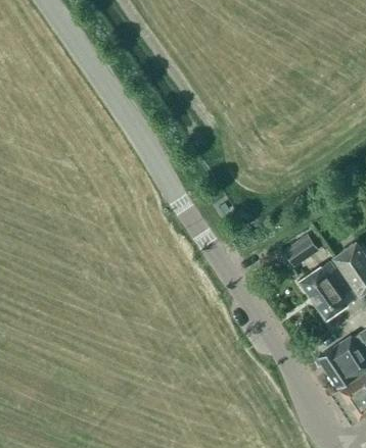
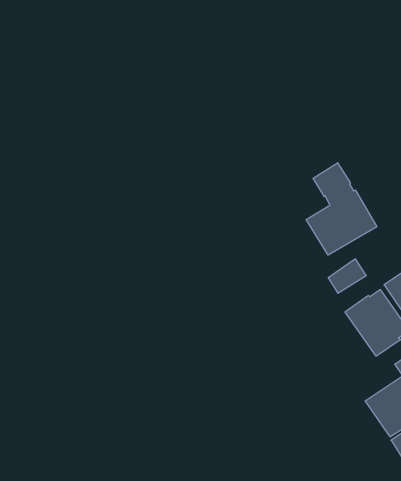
building: none -> [306,163,377,255]

